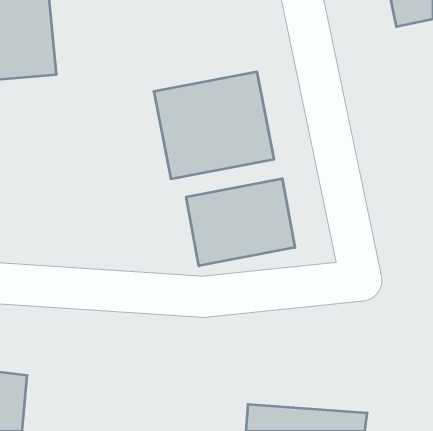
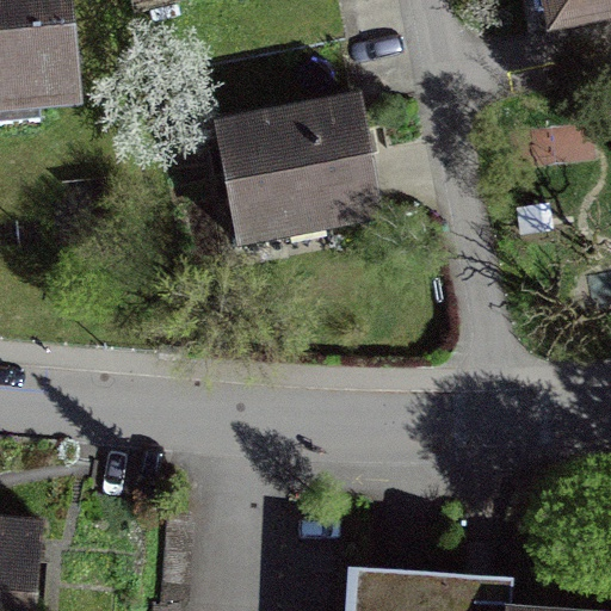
building: [186,179,295,266] -> none

